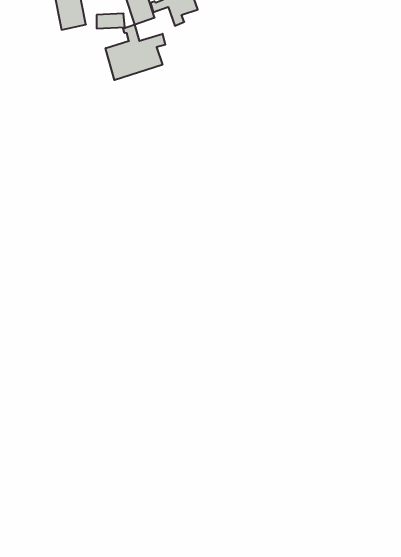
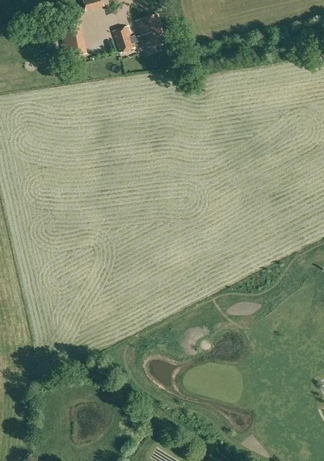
building: [106,24,165,80] -> none

